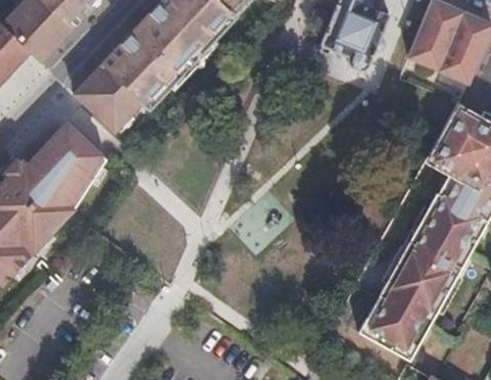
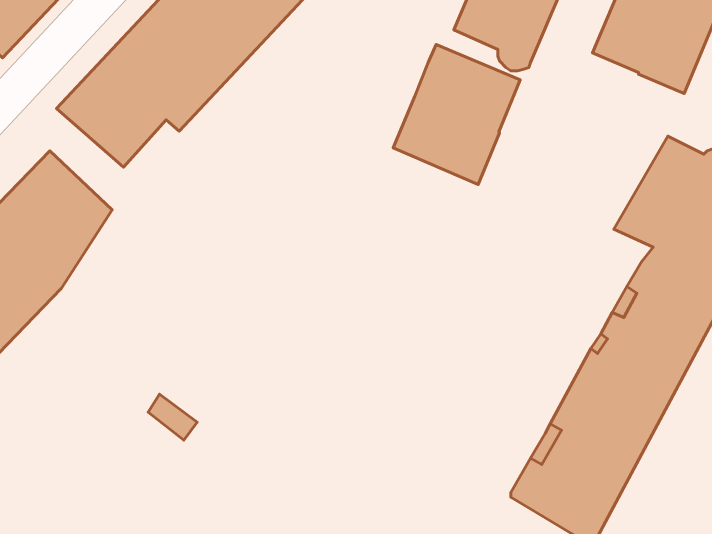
building: none -> [393,44,520,185]

